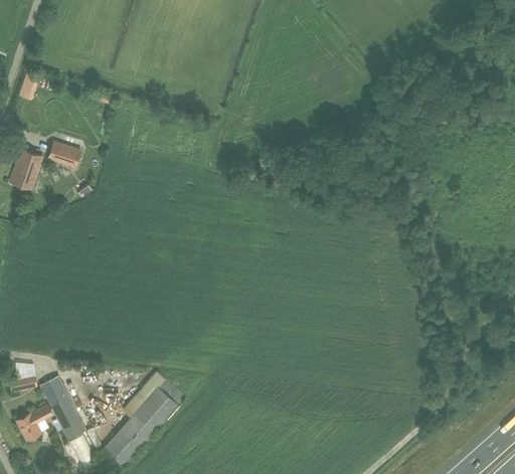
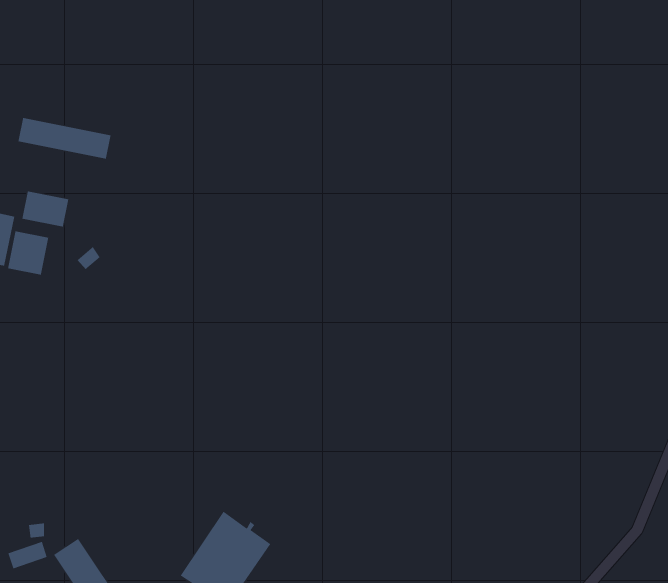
building: none -> [18,117,111,159]
building: none -> [8,230,49,275]

